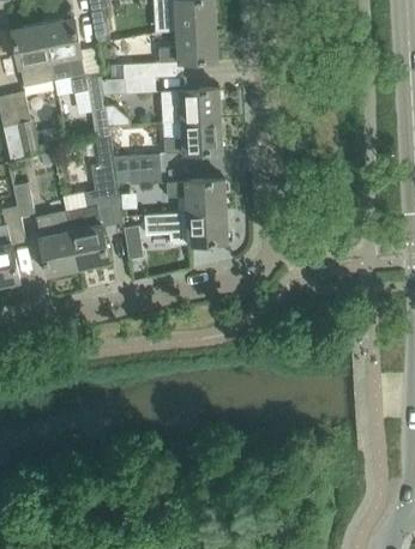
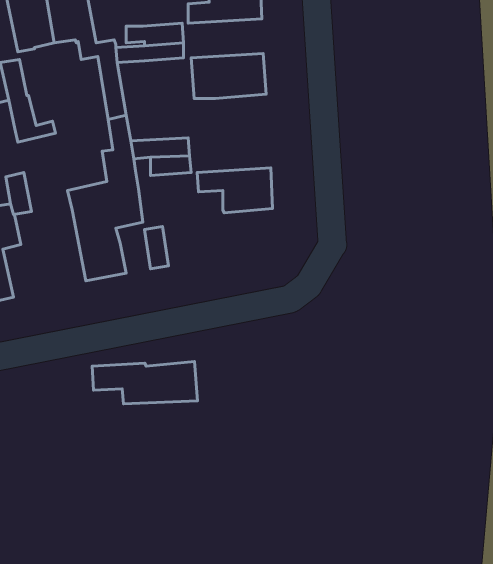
building: [163,121,222,156] -> none
building: [144,212,228,246] -> [92,362,197,404]
building: [35,213,77,277] -> none

